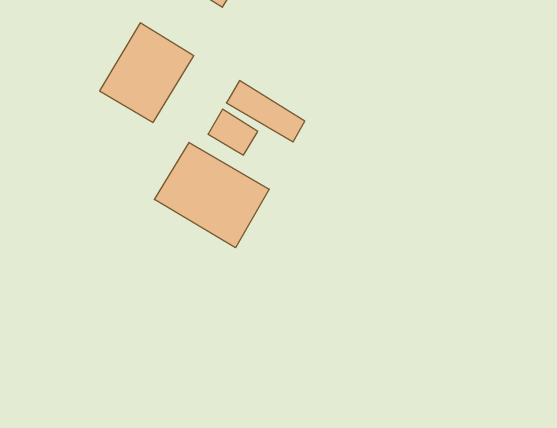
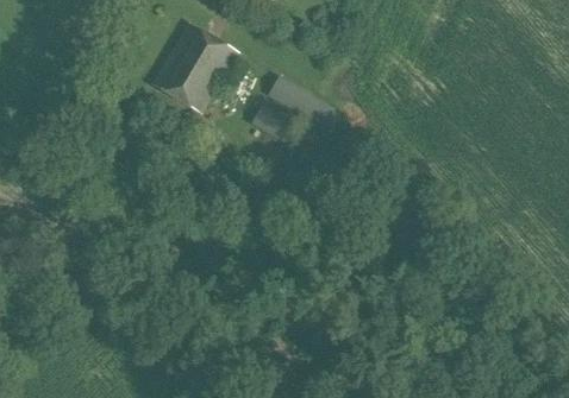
building: [154,142,269,248] -> none

